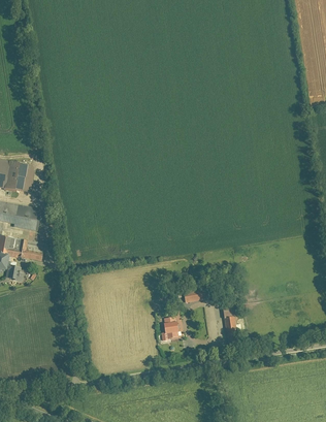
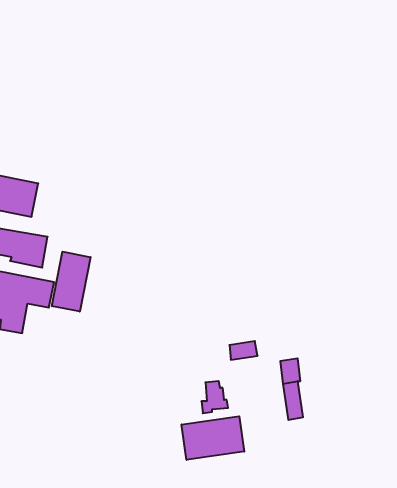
building: none -> [52,252,91,312]
building: none -> [182,416,244,460]

